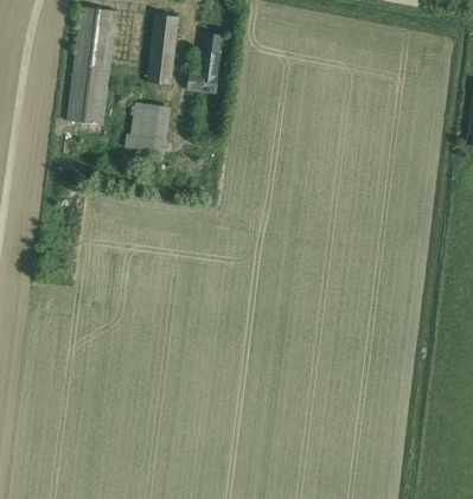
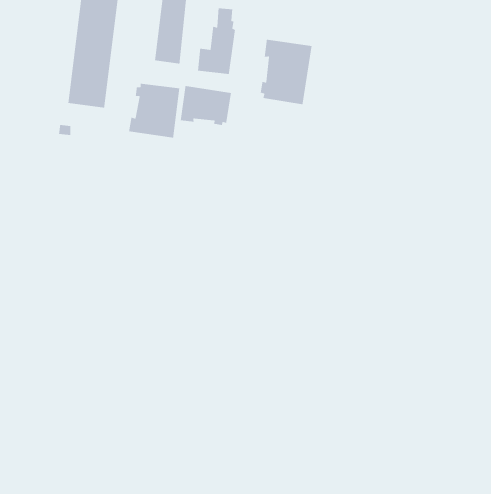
building: none -> [260,39,312,105]
building: none -> [180,85,232,126]

